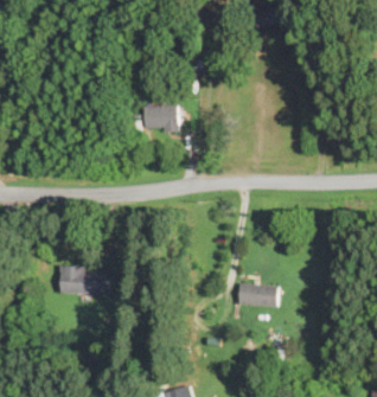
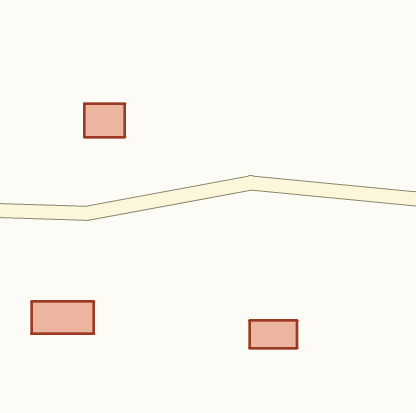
building: [145,104,178,132] -> [84,104,125,137]

